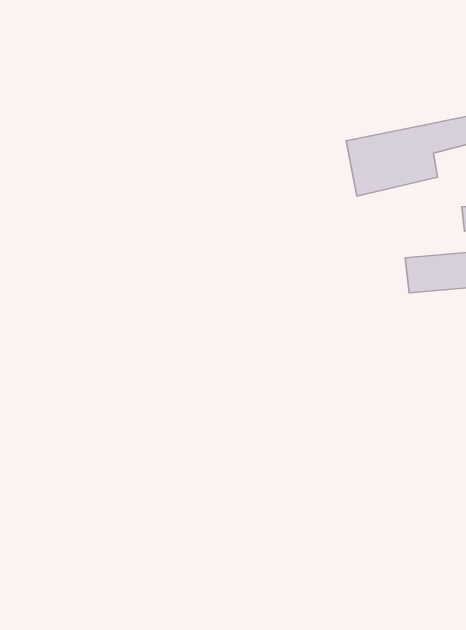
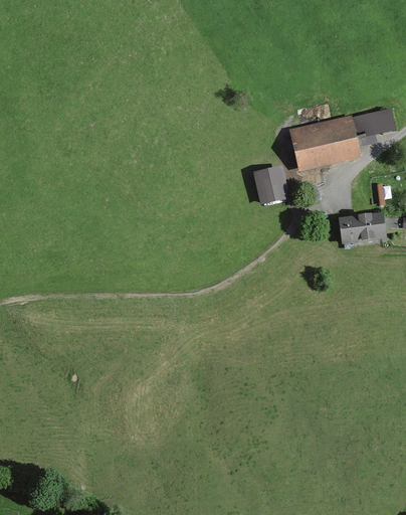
building: none -> [252,165,285,201]

